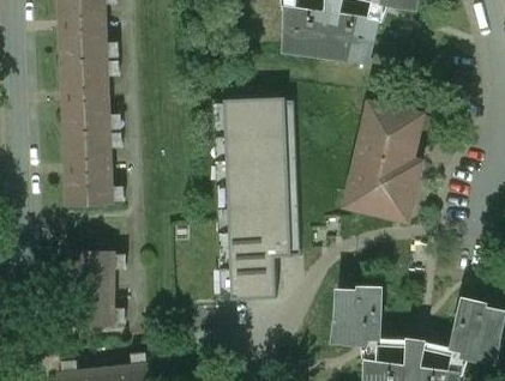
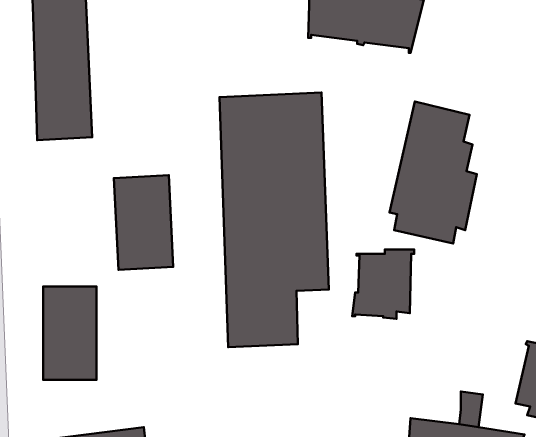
building: [65,132,113,208] -> [114,175,173,270]
building: [332,288,383,344] -> [352,249,414,319]

